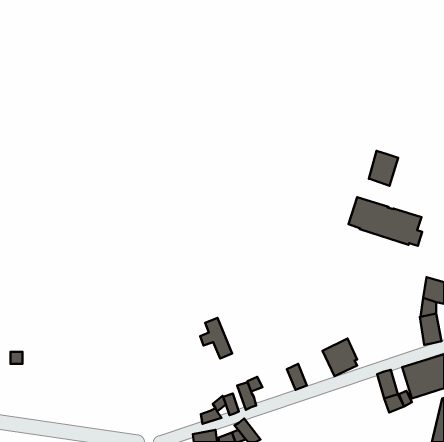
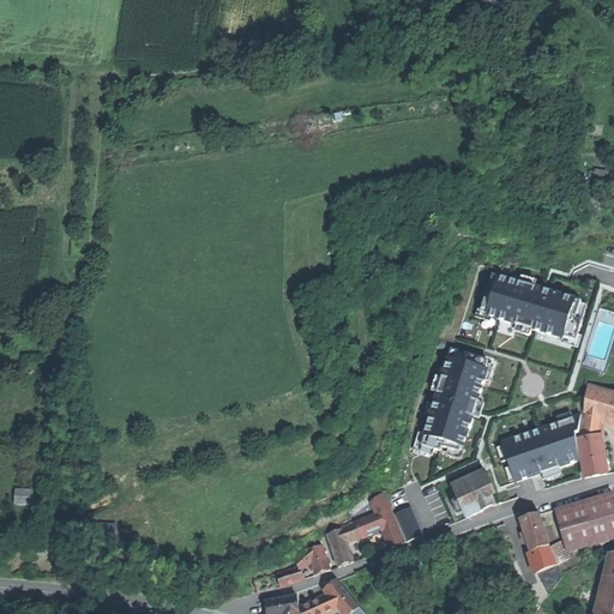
building: [369,151,398,186] -> none
building: none -> [420,356,487,447]
building: none -> [499,420,577,482]
building: [200,318,232,359] -> [361,489,405,546]

